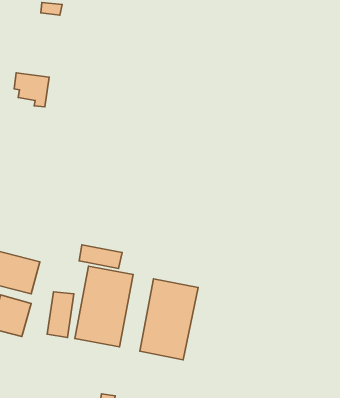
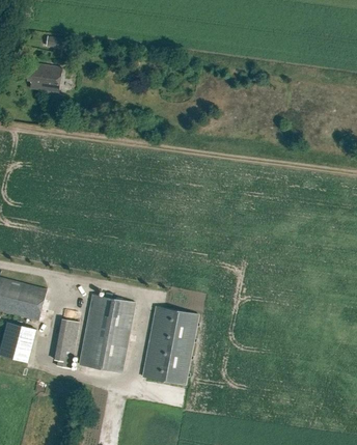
building: [14,73,49,107] -> [26,64,60,98]
building: [79,245,122,268] -> none

